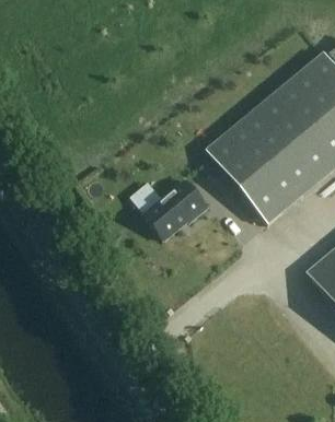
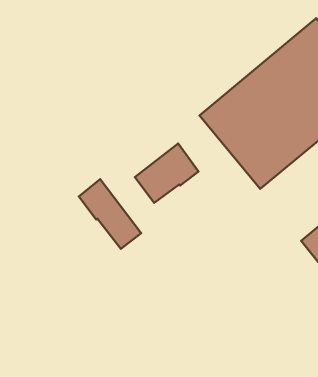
building: none -> [79,179,141,249]

